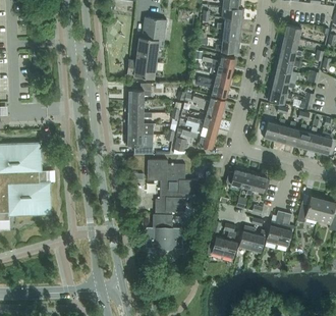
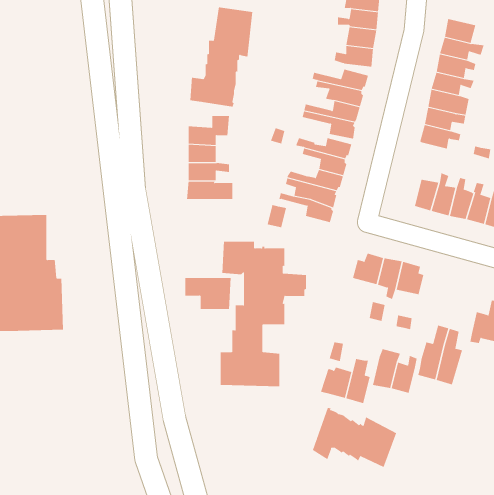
building: [125,135,154,154] -> [185,278,232,309]
building: none -> [312,407,397,468]

